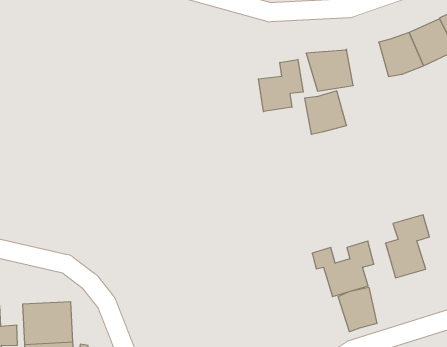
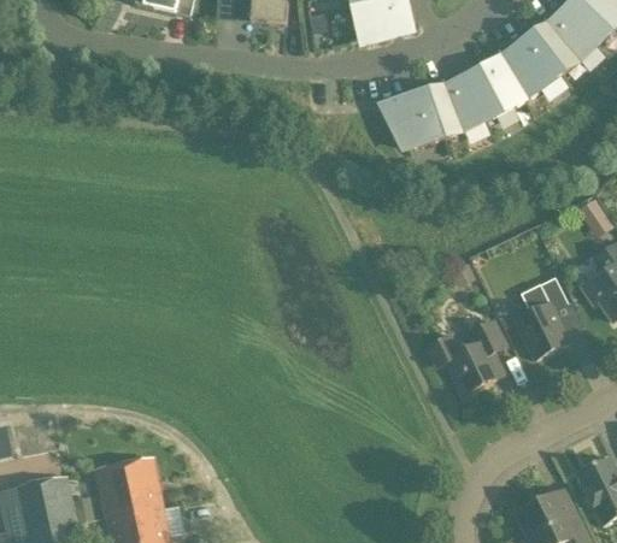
building: [258,59,303,112] -> none
building: [305,91,347,134] -> [430,76,487,134]
building: [338,287,377,332] -> none

